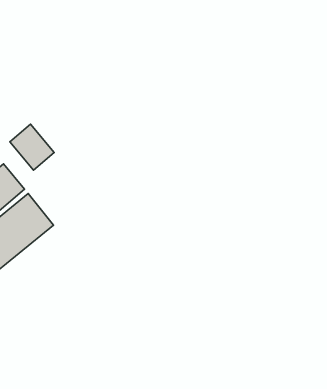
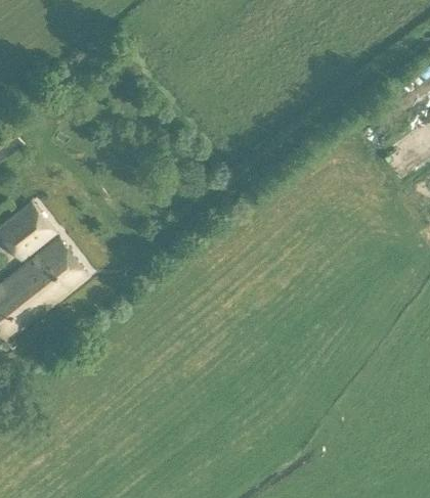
building: [10,124,54,170] -> none

